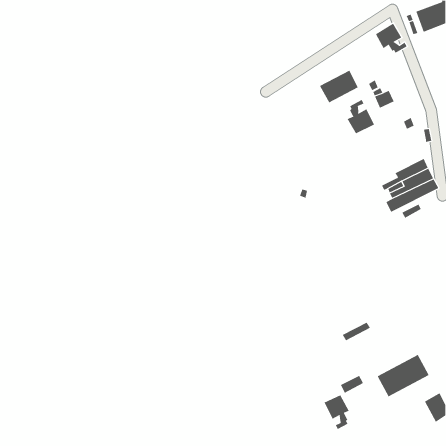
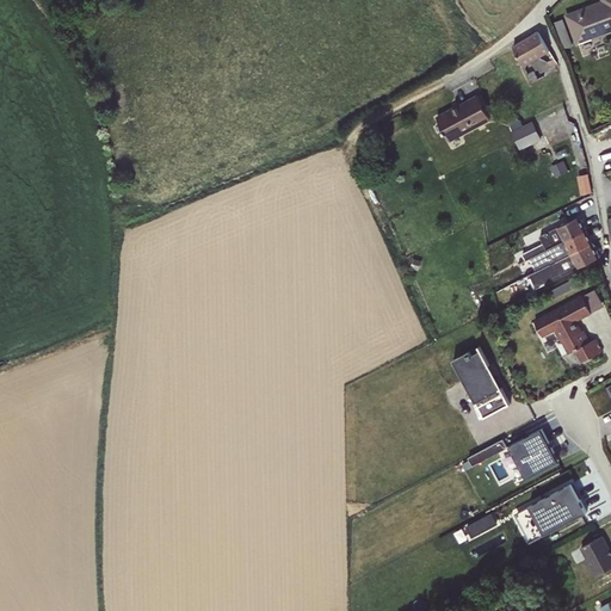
building: [347,99,375,134] -> none
building: none -> [532,291,601,363]
building: none -> [452,351,508,419]
building: none -> [508,430,557,479]
building: [324,394,349,430] -> none

